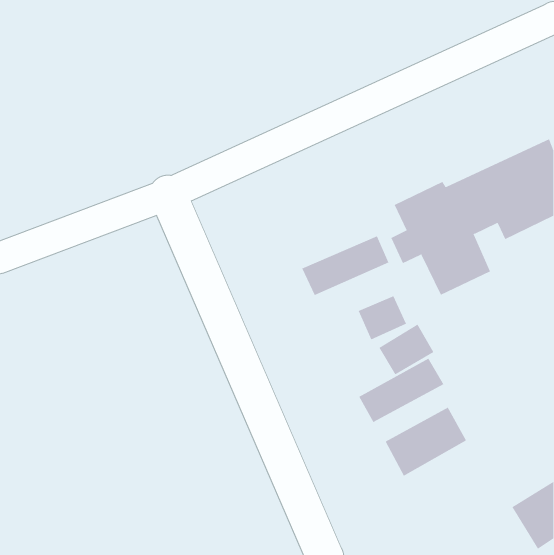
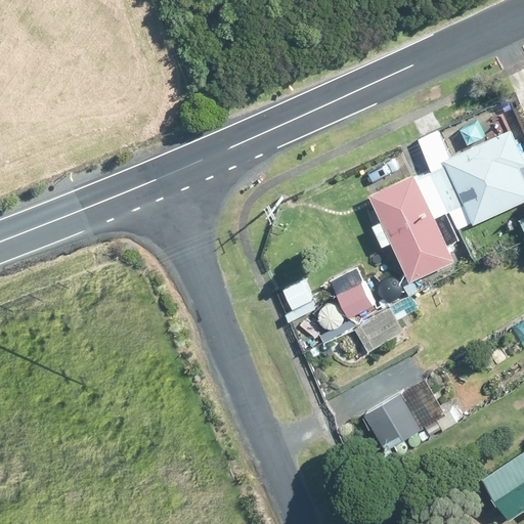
building: [302,236,389,296] -> none
building: [359,358,444,423] -> none

